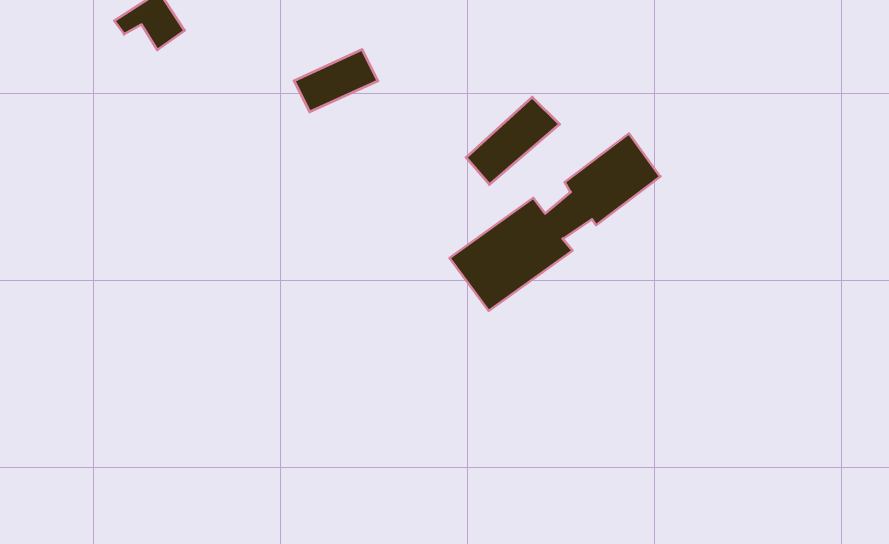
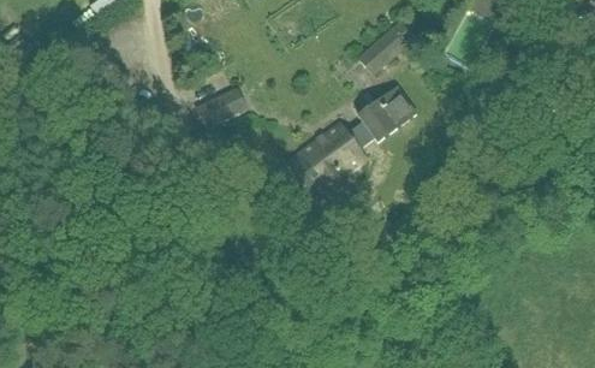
building: [294,50,378,112] -> [195,88,246,126]
building: [466,97,560,185] -> [358,19,416,73]

